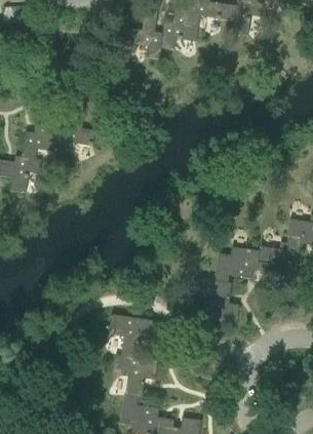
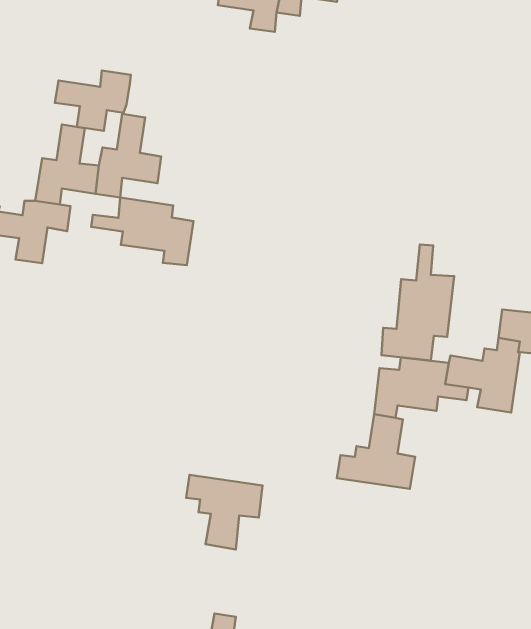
building: none -> [55,70,131,131]
building: none -> [91,197,193,265]
building: none -> [381,244,454,361]
building: [113,353,157,397] -> none

